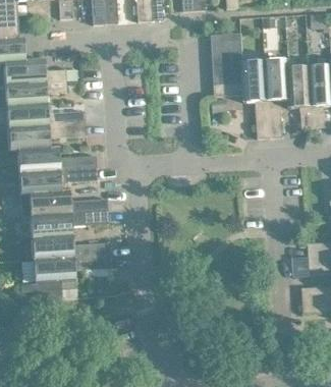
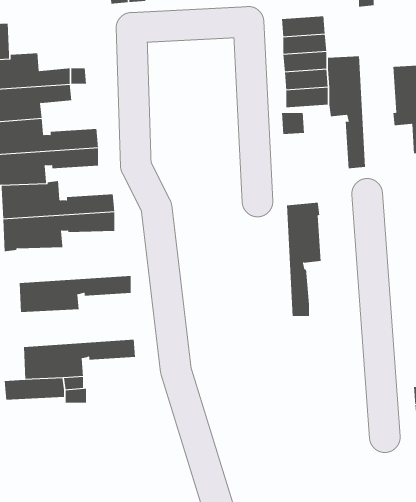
building: [264,57,288,135] -> [286,202,322,317]
building: [29,188,107,215] -> none
building: [31,233,109,259] -> none

